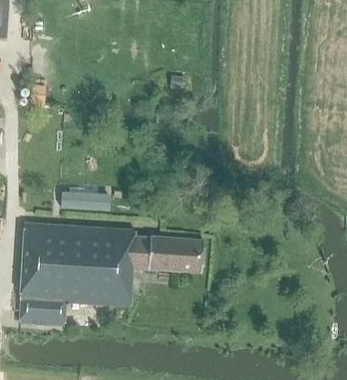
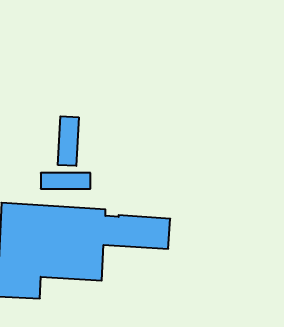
building: none -> [58,116,79,166]

